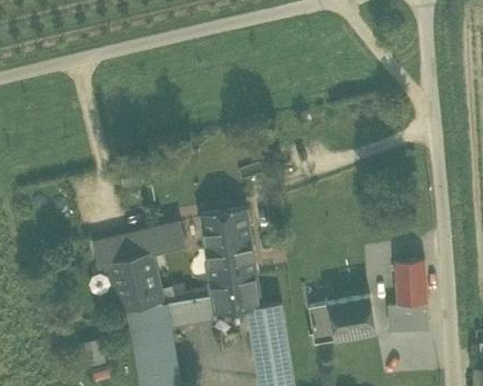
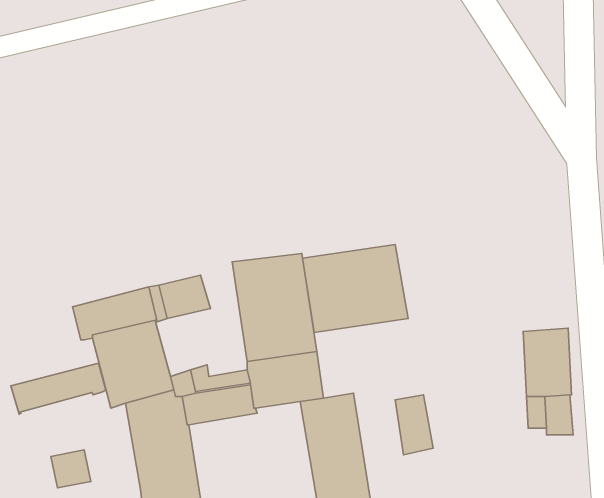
building: none -> [303,245,408,332]
building: none -> [11,363,106,414]
building: [328,296,375,339] -> none

